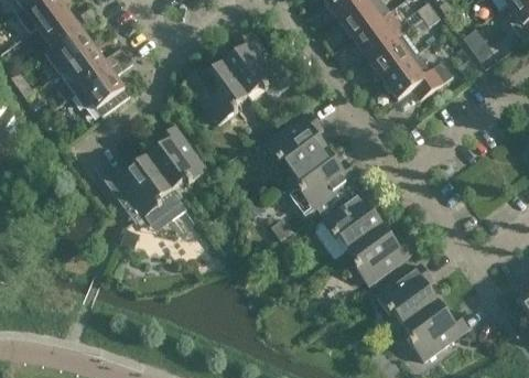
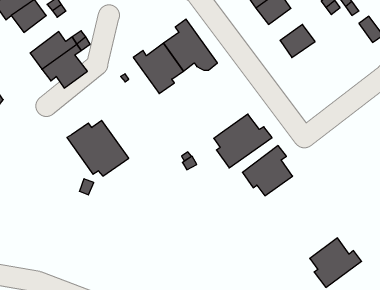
building: [353,12,402,57] -> none
building: [44,26,95,73] -> none
building: [381,52,452,98] -> none
building: [266,111,327,172] -> none
building: [148,125,207,188] -> none
building: [348,224,412,284] -> none
building: [376,263,438,325] -> none

